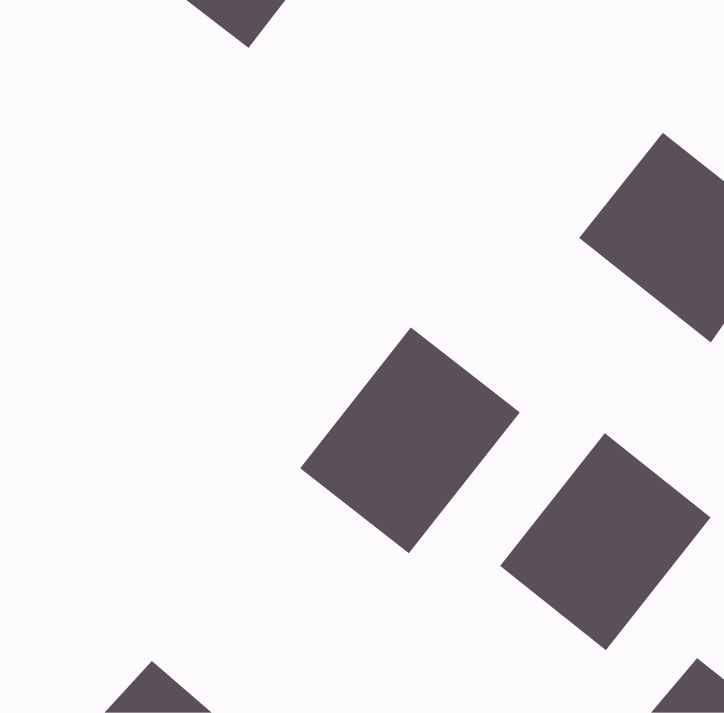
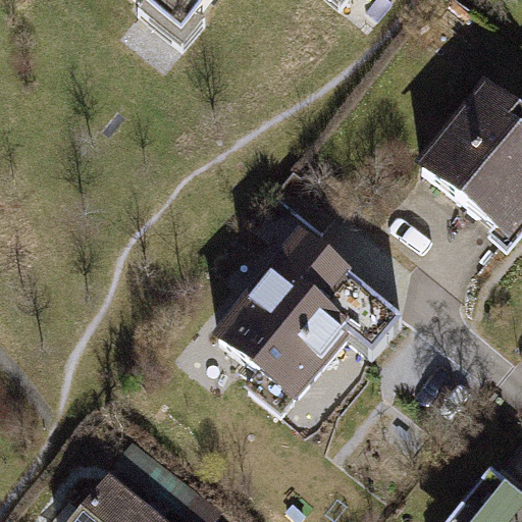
building: [499,432,711,651] -> none

